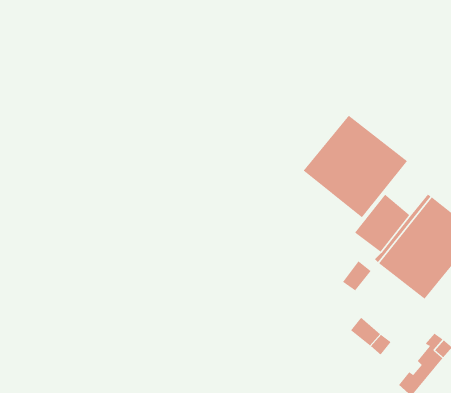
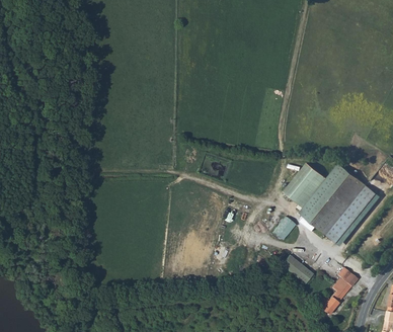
building: [303,115,408,218] -> none

